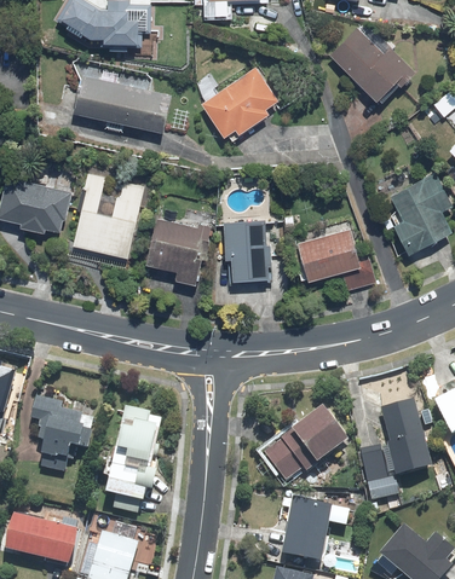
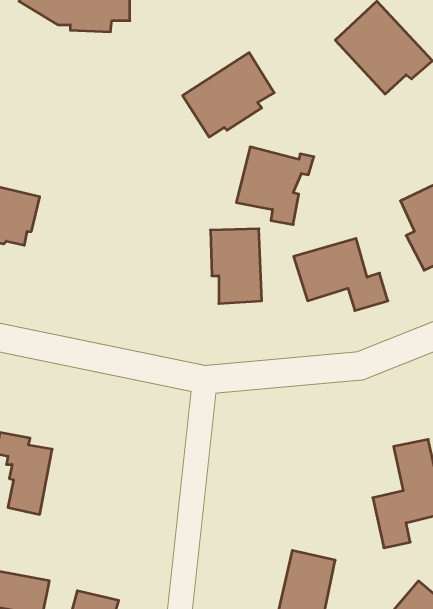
building: [69,75,171,133] -> none
building: [70,172,142,257] -> none
building: [143,218,211,285] -> [236,147,314,225]
building: [266,410,339,476] -> none
building: [110,412,167,508] -> none

